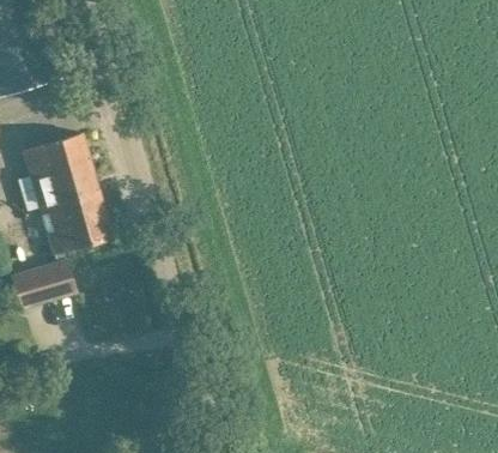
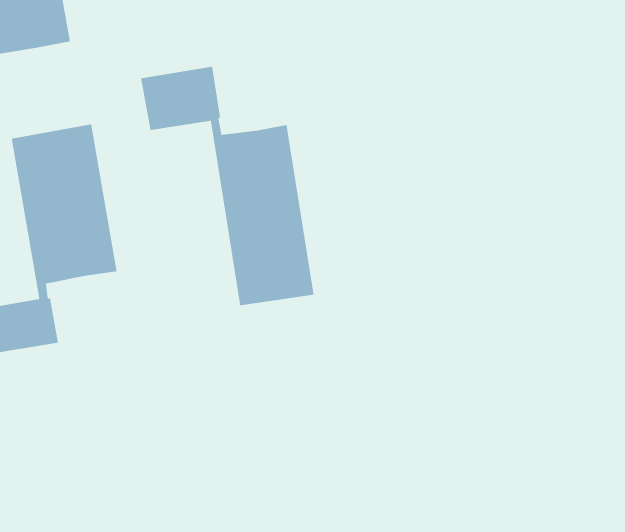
building: none -> [140,66,314,306]

